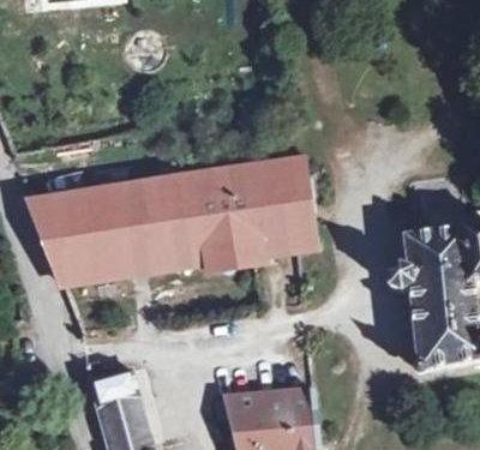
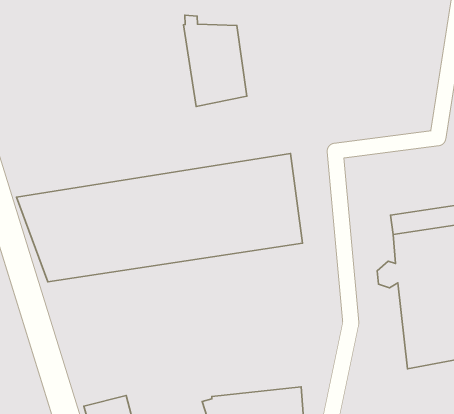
building: none -> [183,15,247,107]
building: [88,370,137,407] -> none

